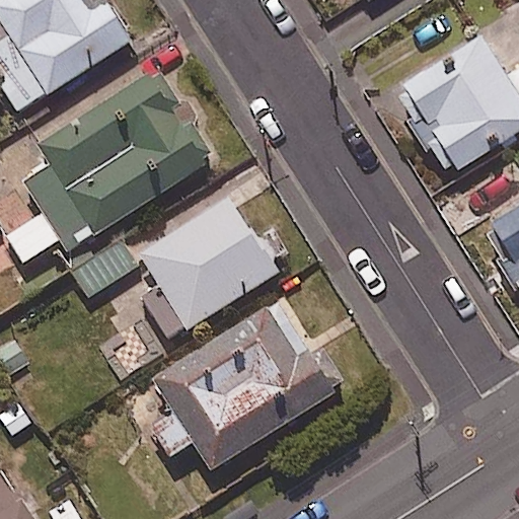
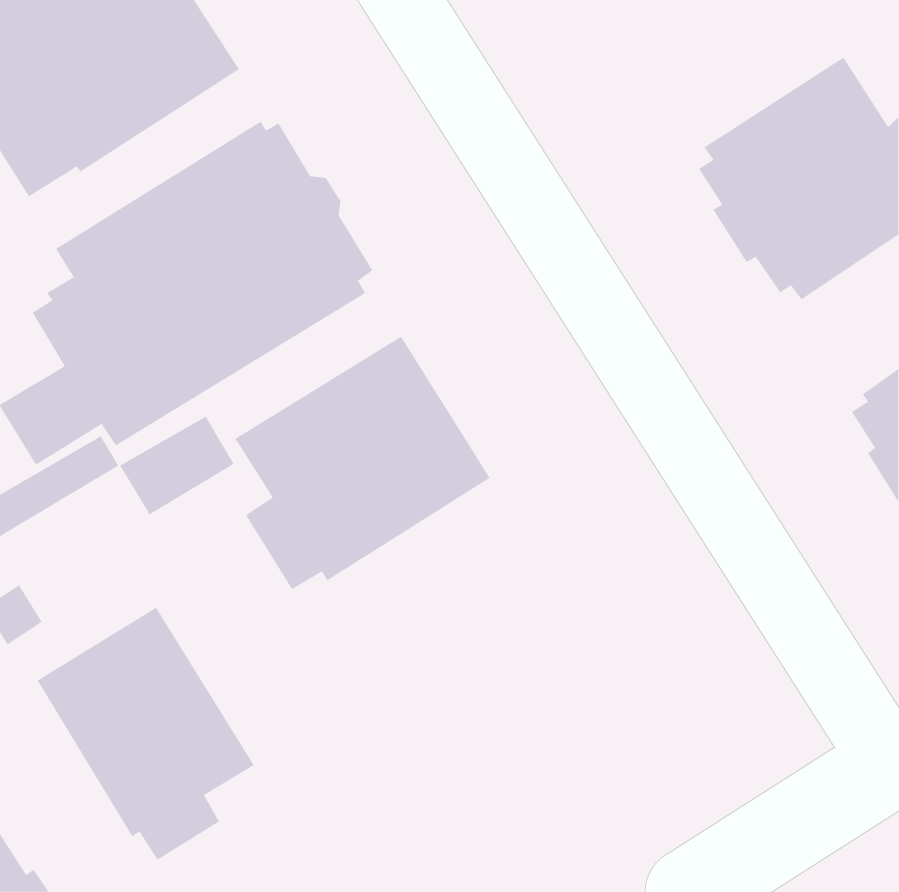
building: [149,300,345,472] -> none
building: none -> [37,607,254,861]

